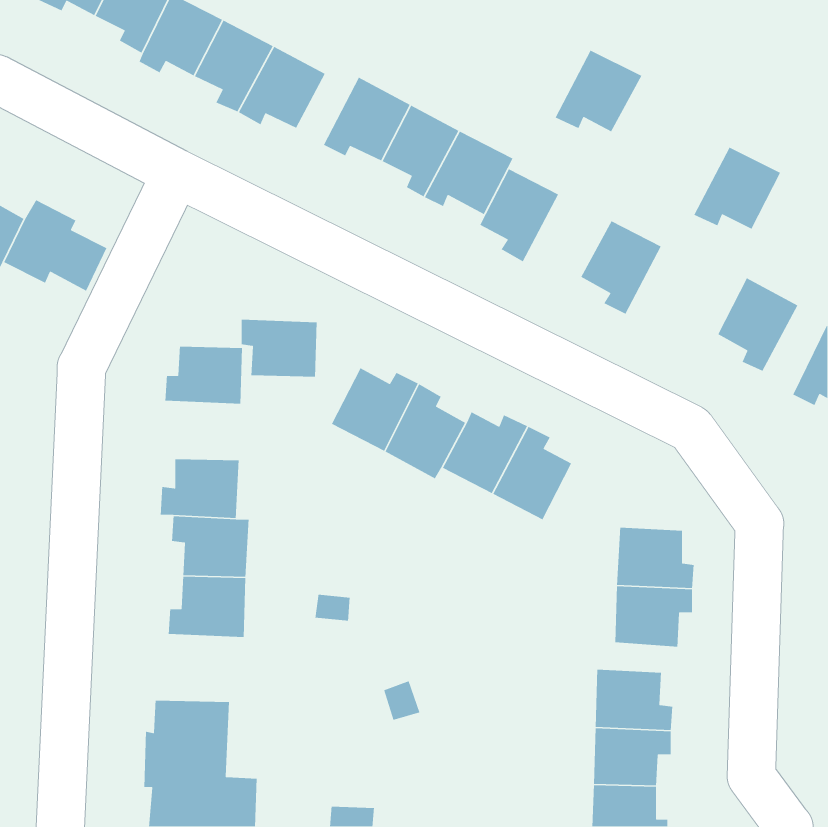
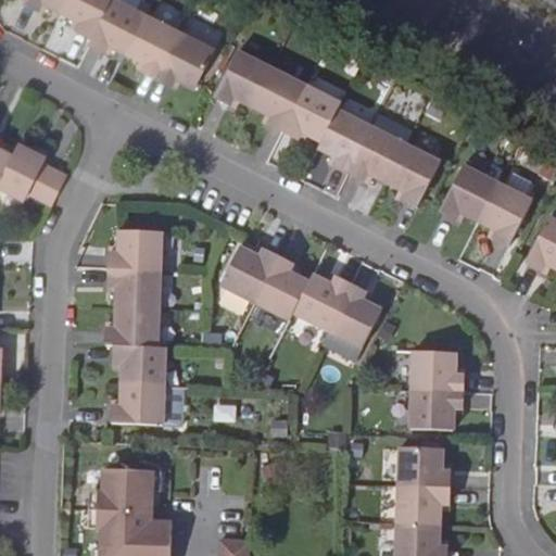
building: [554,49,642,133] -> [349,129,407,185]
building: [693,147,781,230] -> [439,167,497,223]
building: [241,319,317,377] -> [110,267,161,306]

